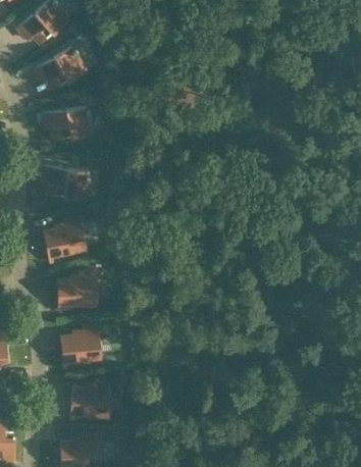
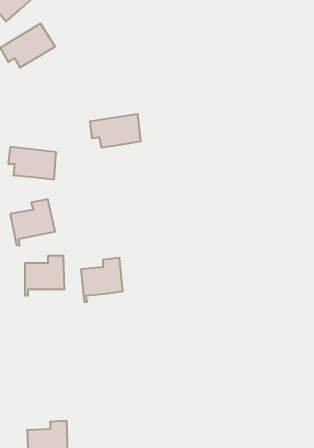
building: [42,108,92,141] -> [90,114,141,148]
building: [60,327,101,370] -> [81,258,123,302]
building: [69,384,111,421] -> none

